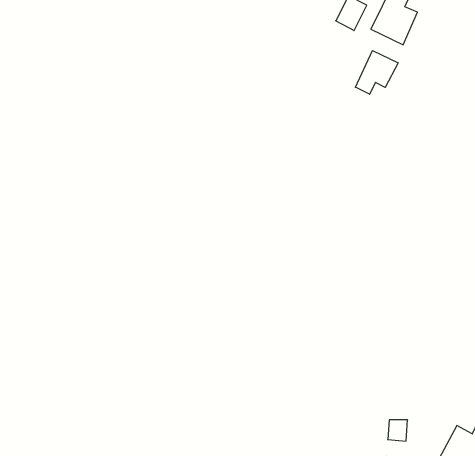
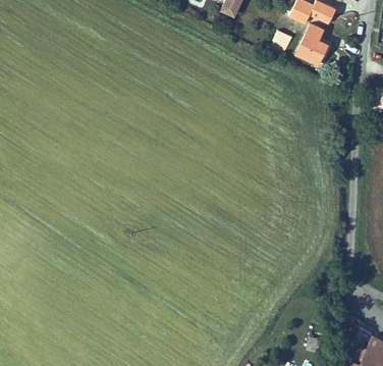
building: [355,51,398,94] -> none

